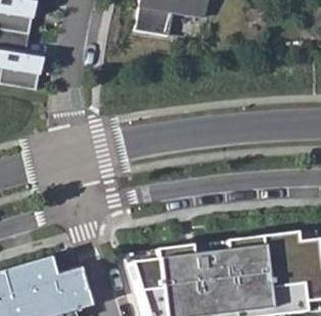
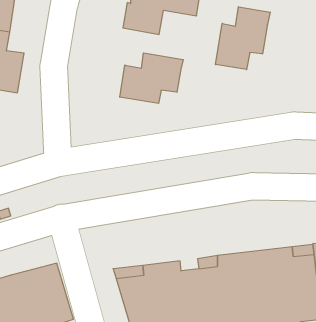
building: none -> [216,7,270,70]
building: none -> [120,53,183,103]

